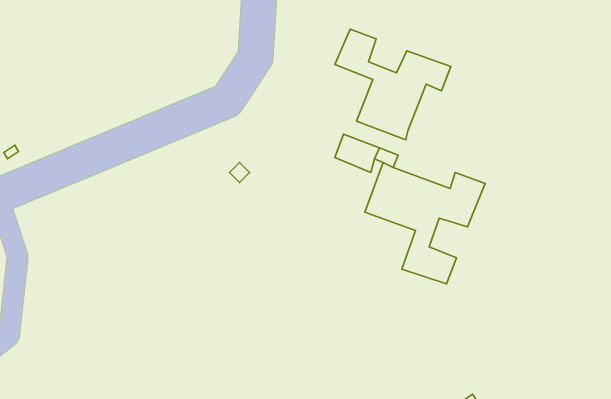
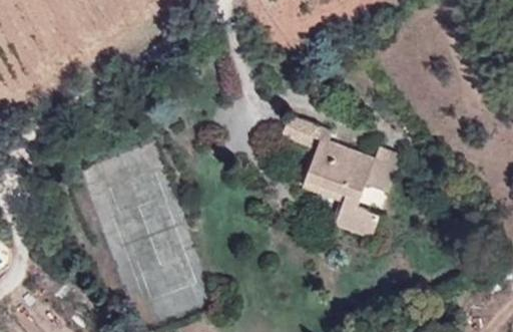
building: [335,29,451,140] -> none

